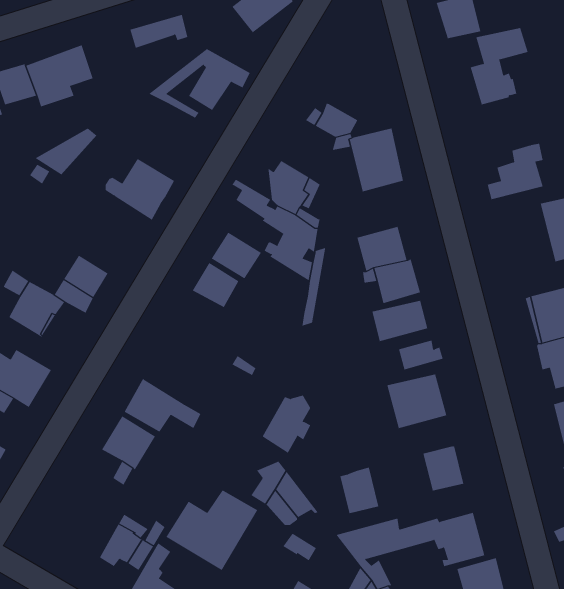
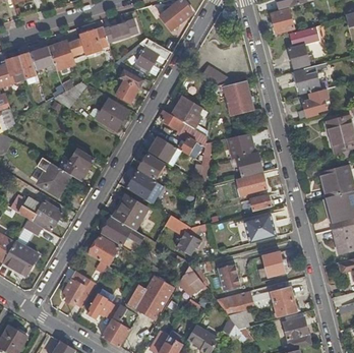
building: none -> [79,27,110,55]
building: none -> [294,66,319,94]
building: none -> [115,68,148,105]
building: none -> [127,169,156,198]
building: none -> [113,195,148,230]
building: none -> [63,272,88,304]

